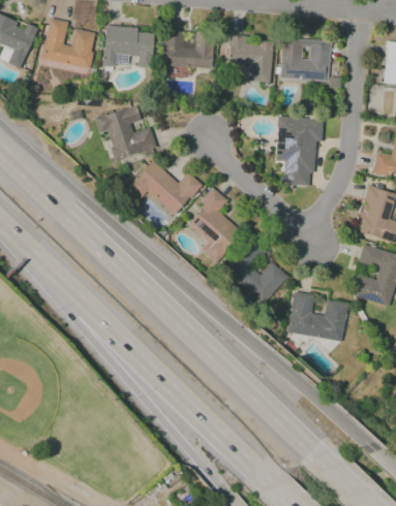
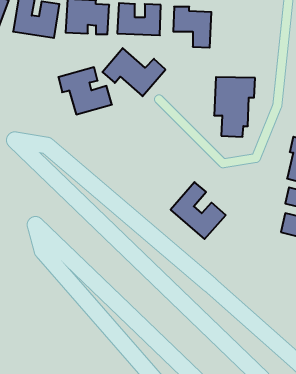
building: [280,39,330,81] -> none
building: [128,160,202,216] -> [102,48,165,96]
building: [188,187,243,263] -> none
building: [287,292,347,341] -> none

